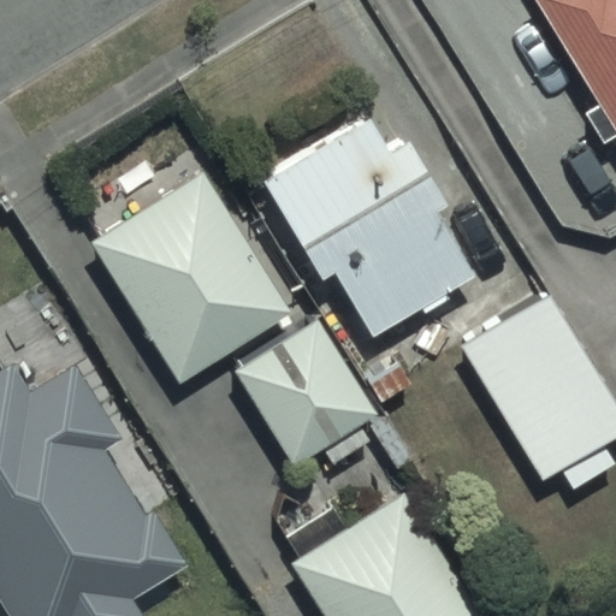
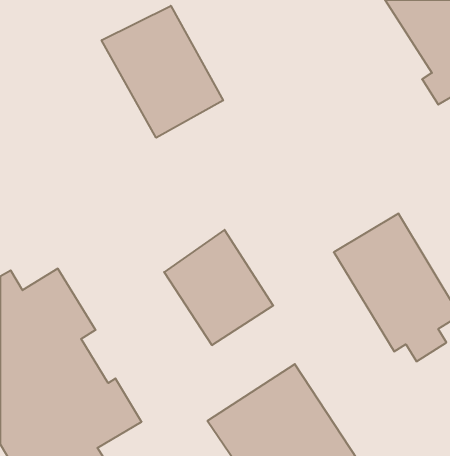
building: none -> [102,6,223,138]
building: [259,122,468,336] -> none
building: [83,161,289,385] -> none

